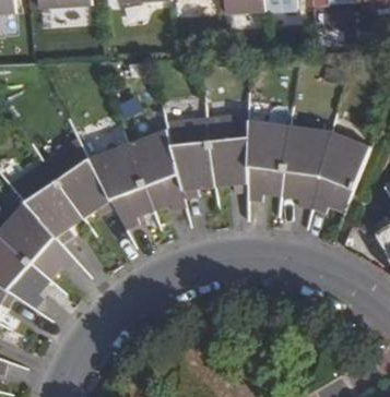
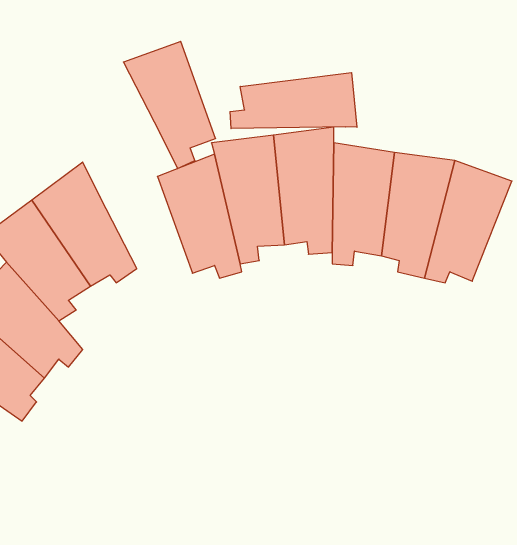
building: none -> [230,73,357,129]
building: [87,142,151,229] -> [123,41,216,169]

